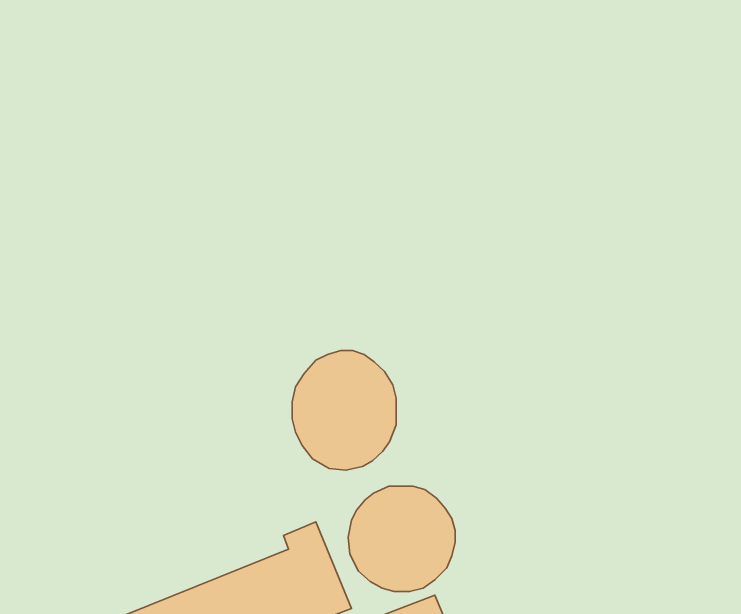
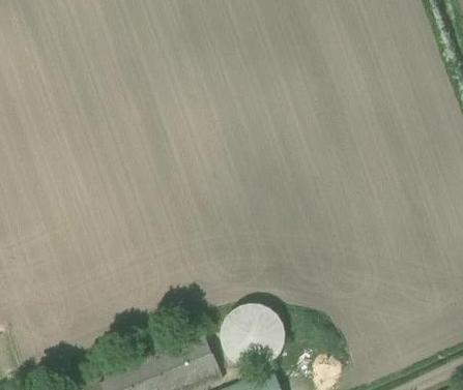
building: [292,351,396,470] -> none

